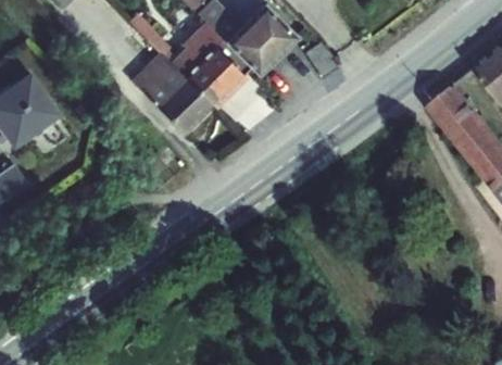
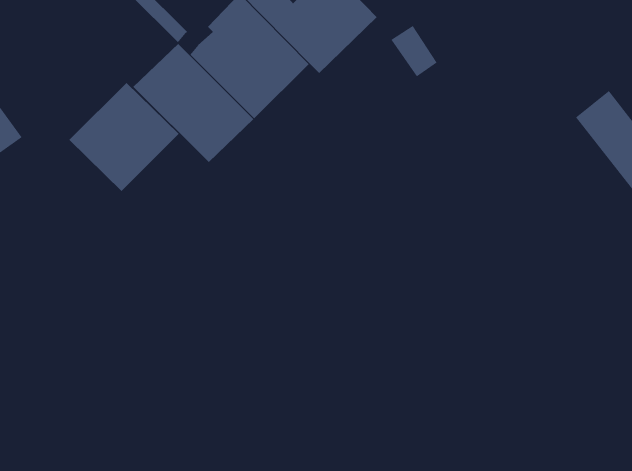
building: none -> [69,82,180,192]

